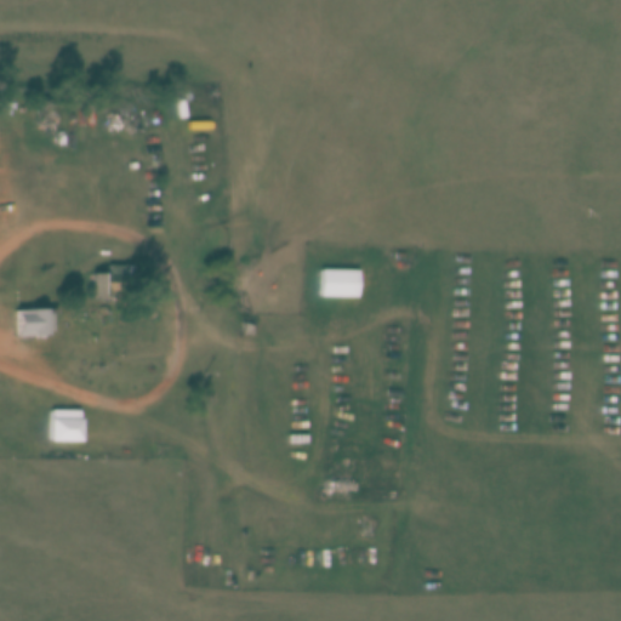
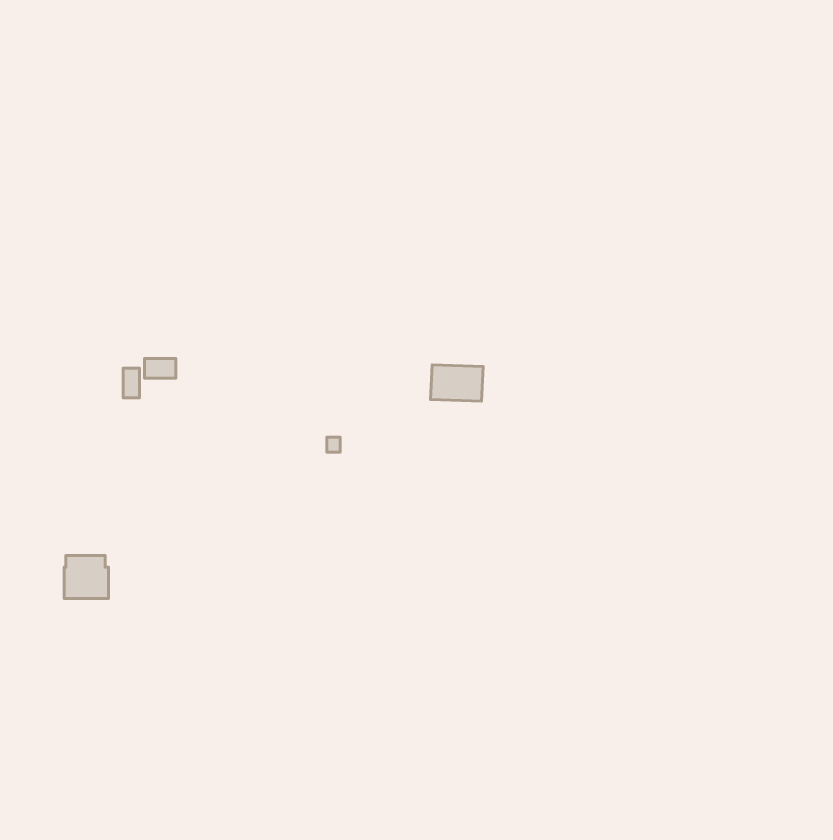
building: [19,308,51,335] -> none

